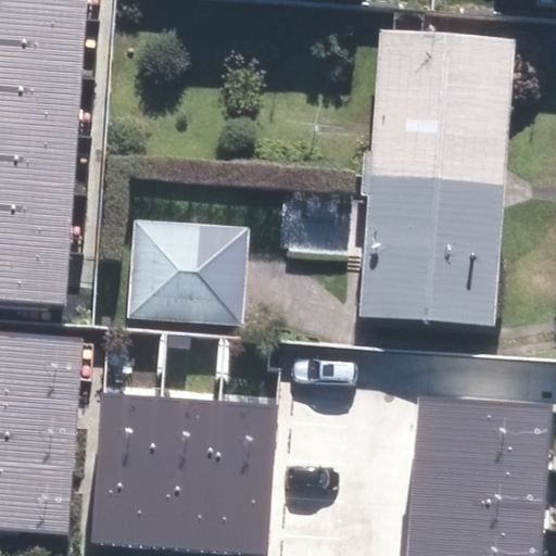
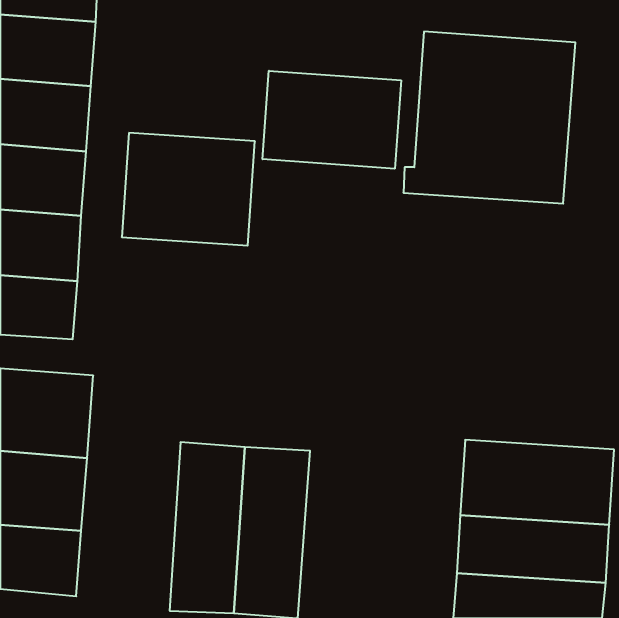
building: none -> [263,71,401,169]
building: [358,173,505,326] -> none
building: [130,226,250,327] -> [122,133,255,246]
building: [90,392,162,547] -> none

